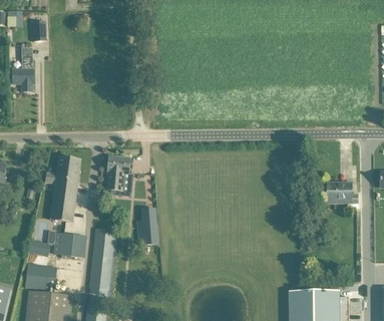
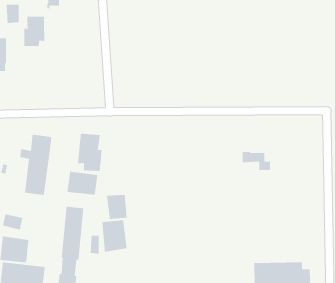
building: none -> [24,16,45,47]
building: [328,183,358,203] -> [242,151,271,171]
building: [52,232,85,257] -> [66,171,98,195]
building: none -> [102,219,127,253]

